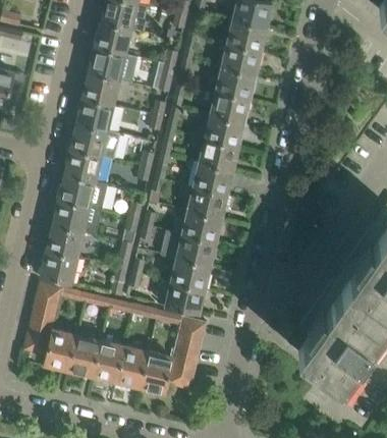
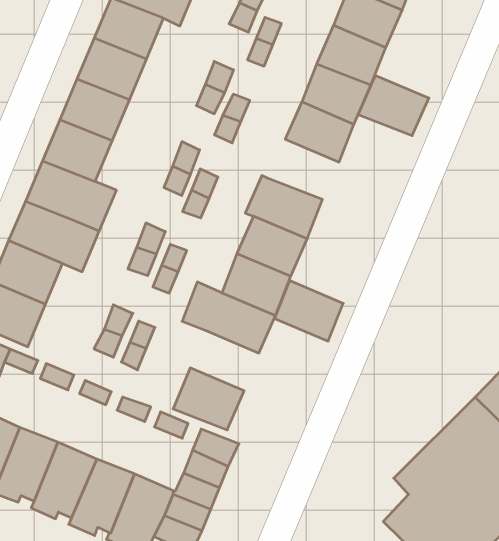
building: [198,140,237,171] -> [358,75,429,136]
building: [170,259,209,290] -> [274,281,343,341]

